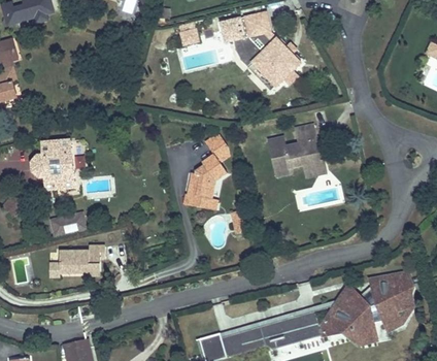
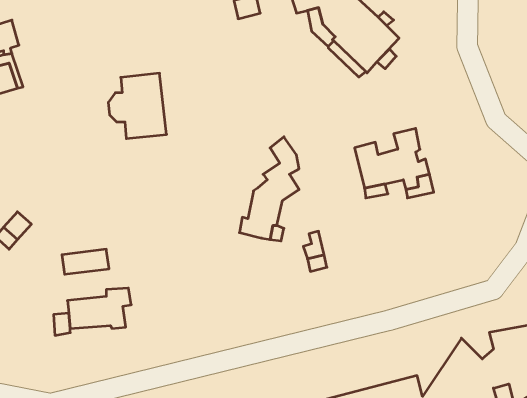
building: [31,139,74,188] -> [108,73,167,139]

